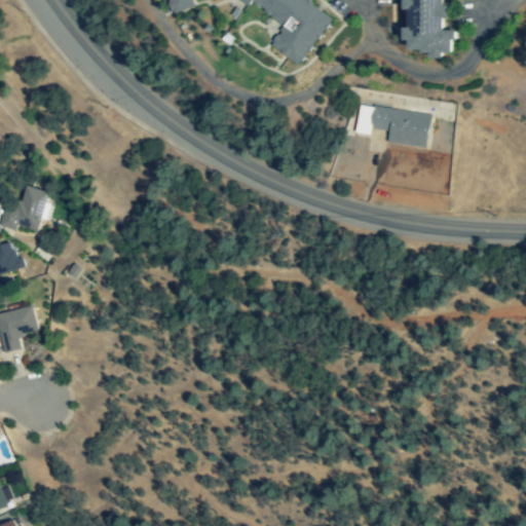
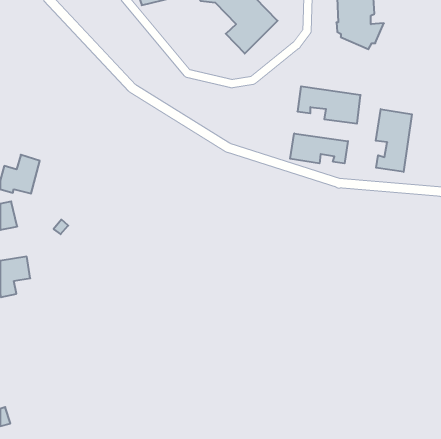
building: none -> [376,109,412,172]
building: none -> [290,133,348,163]

